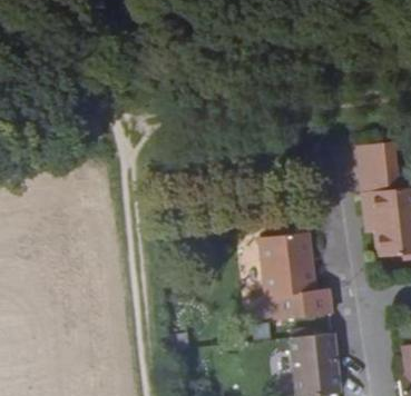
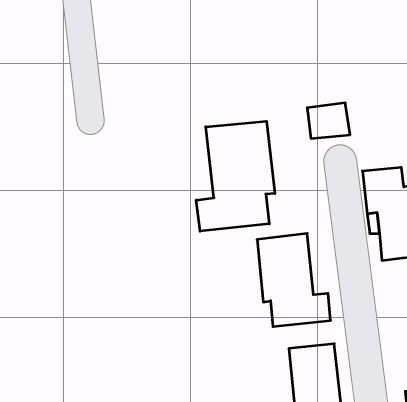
building: none -> [196,121,275,231]
building: [356,142,395,175] -> [307,103,350,138]

